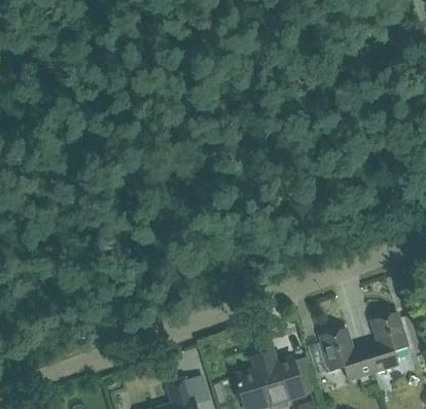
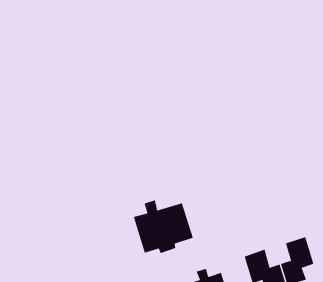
building: none -> [133,200,194,254]

